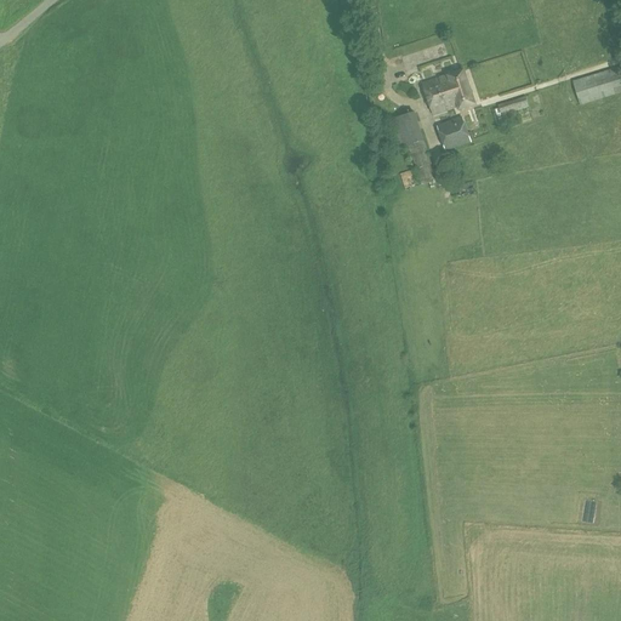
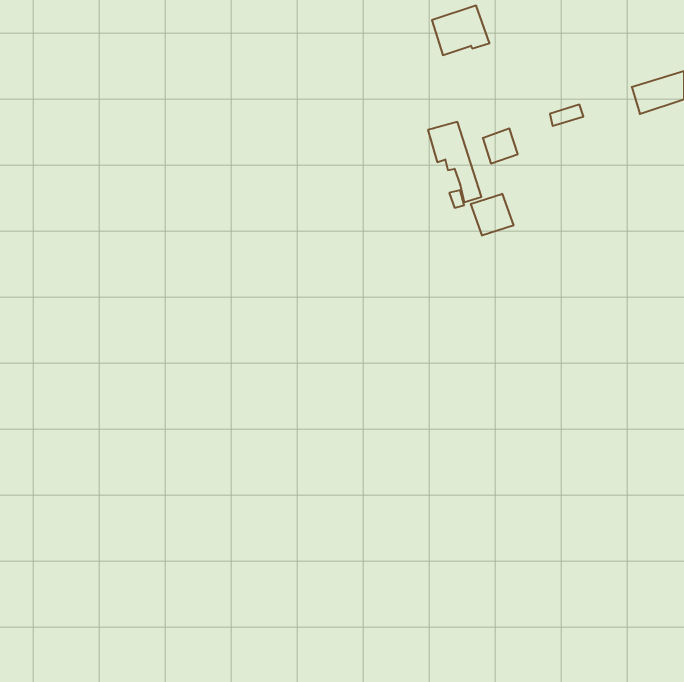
building: [422,68,474,113] -> [432,6,490,55]
building: none -> [471,194,513,236]

